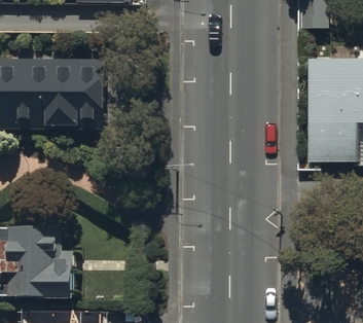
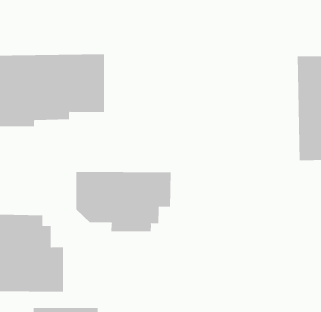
building: none -> [76,171,171,232]

